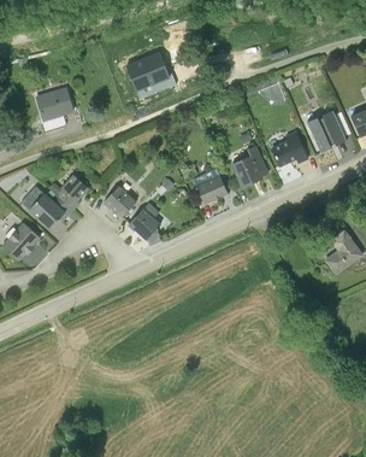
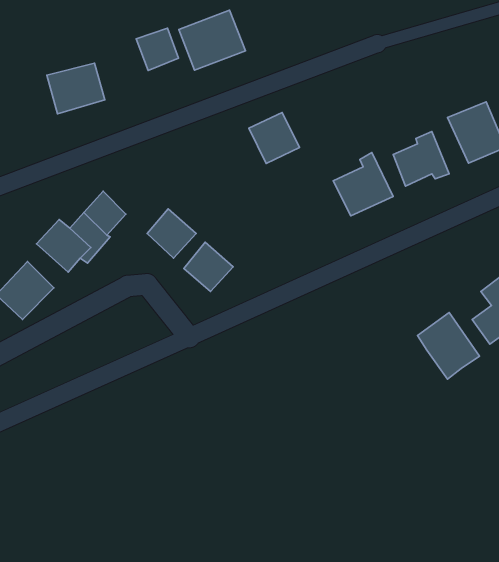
building: none -> [136,28,179,71]
building: [191,170,226,205] -> [249,112,300,163]
building: none -> [417,313,479,379]

